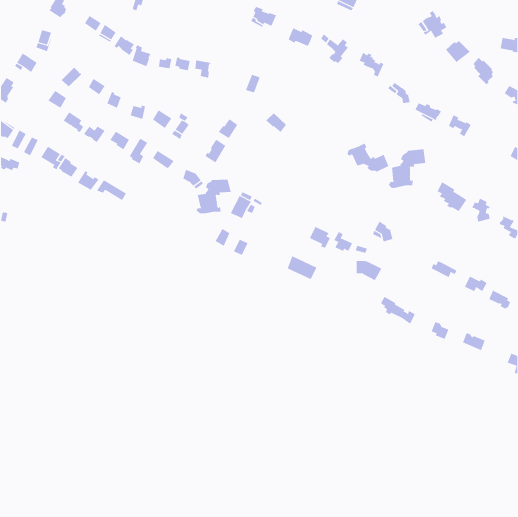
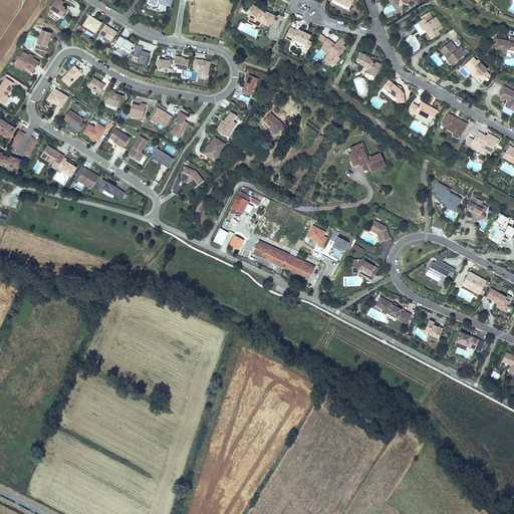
building: none -> [466,127,499,151]
building: [388,149,426,189] -> none
building: [196,179,232,214] -> none
building: none -> [253,239,289,266]

